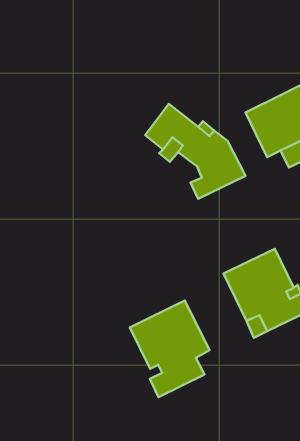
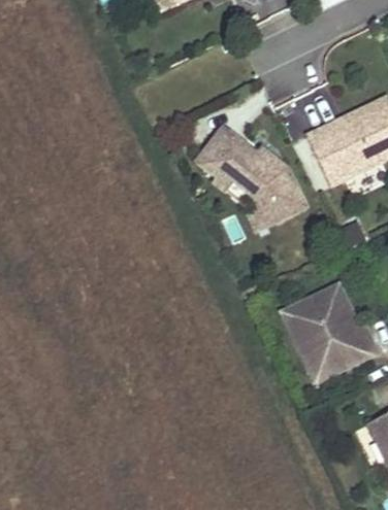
building: [130,300,209,397] -> none

